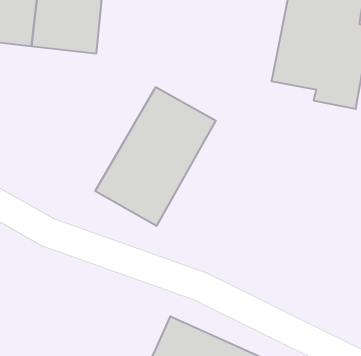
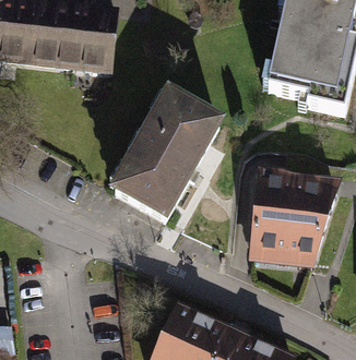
building: none -> [247,176,339,269]

